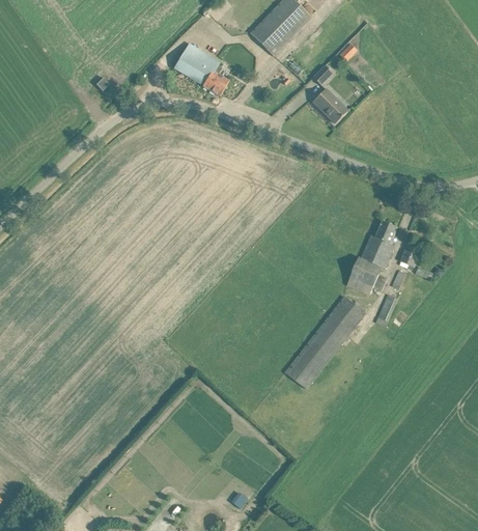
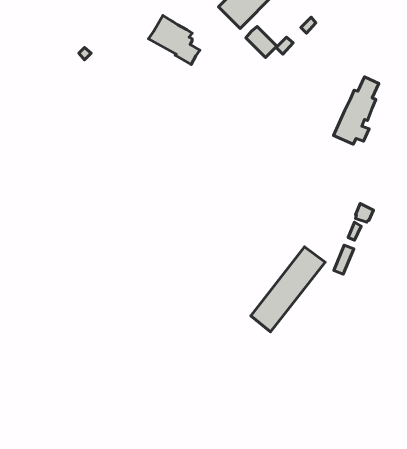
building: [312,88,346,122] -> [246,26,277,58]
building: [347,220,397,294] -> [333,77,379,144]

